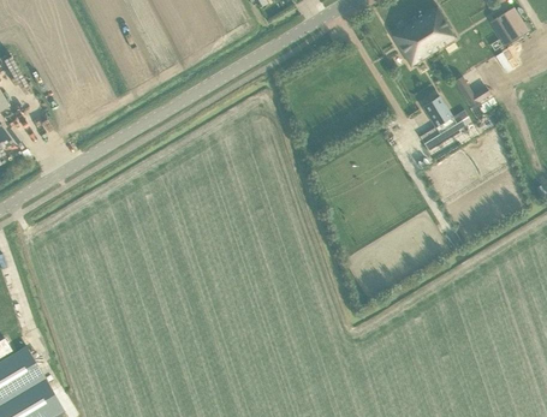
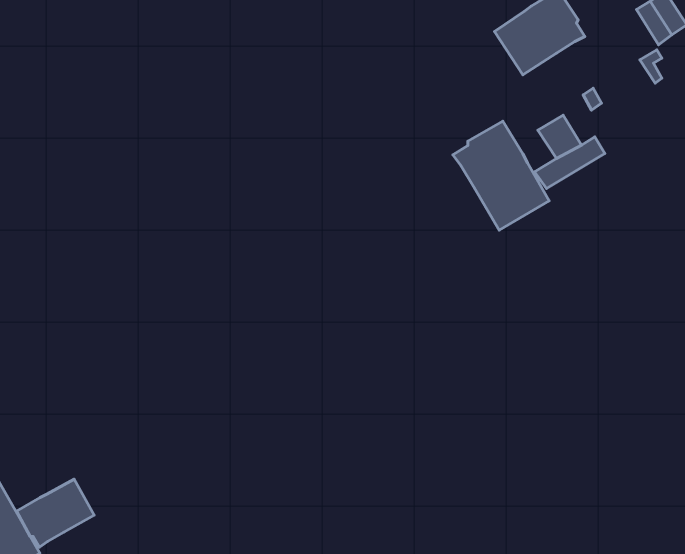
building: none -> [453,121,549,230]
building: none -> [16,479,94,547]

